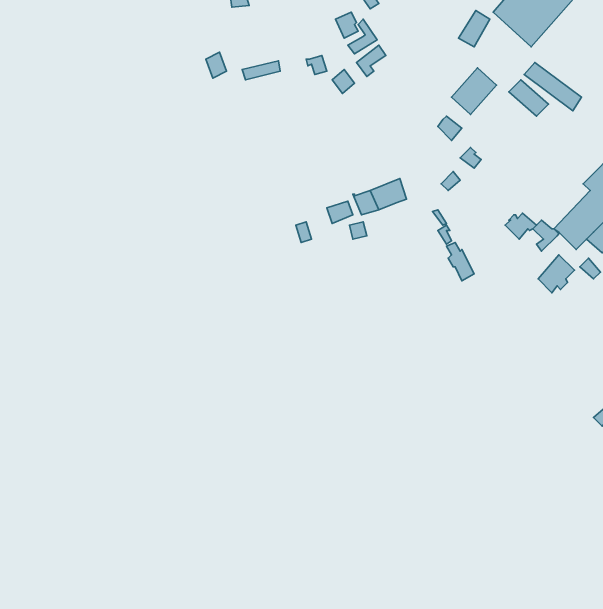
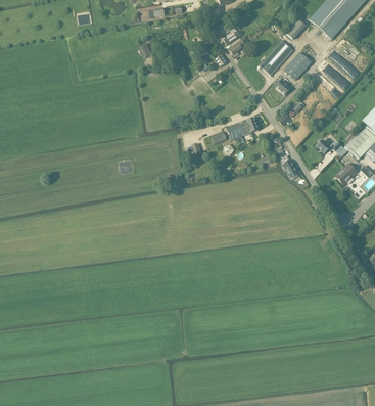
building: none -> [260,40,293,75]

